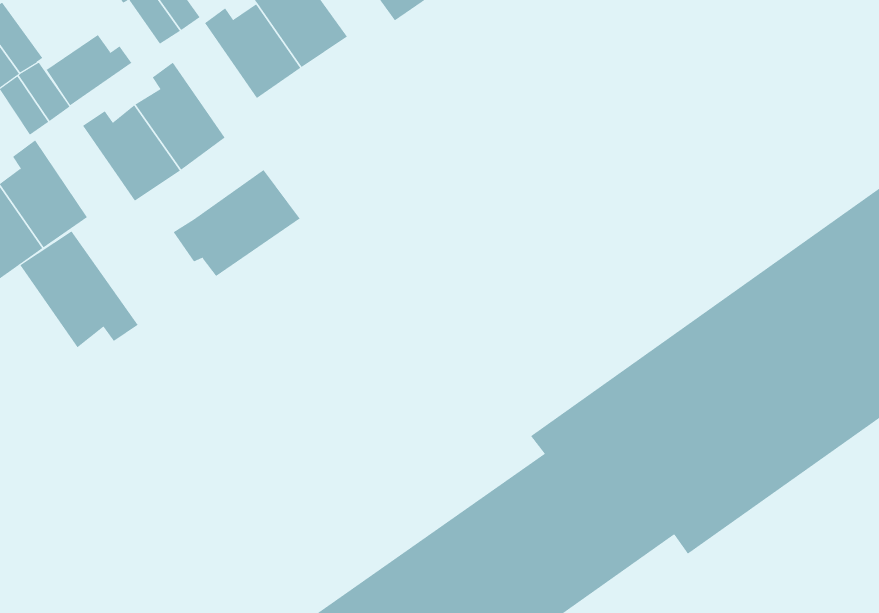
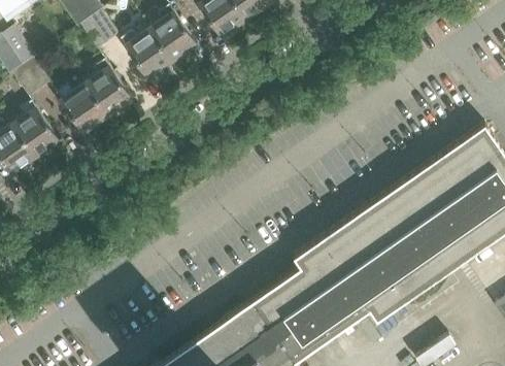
building: [46,34,132,106] -> none
building: [173,169,300,277] -> none
building: [20,231,138,348] -> none

